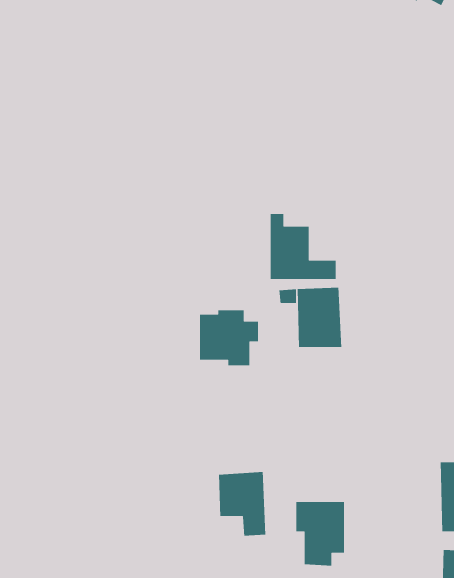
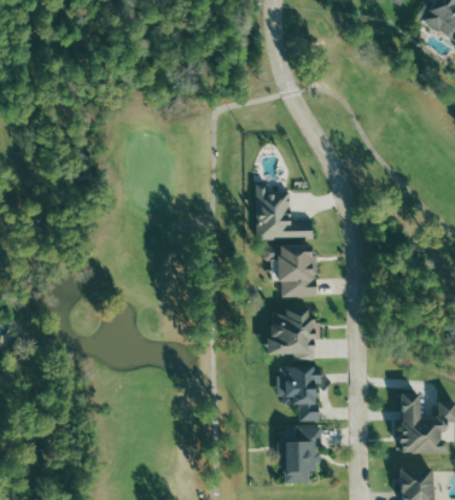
building: [199,310,259,366] -> [270,312,321,360]
building: [218,471,266,537] -> [279,366,320,421]

